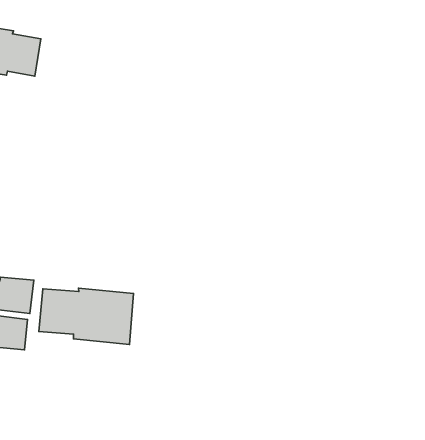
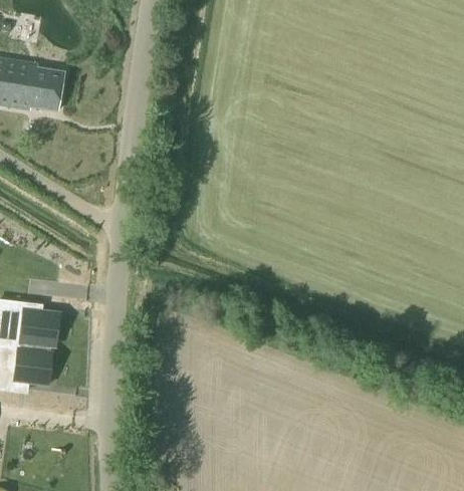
building: [39,288,133,344] -> none

